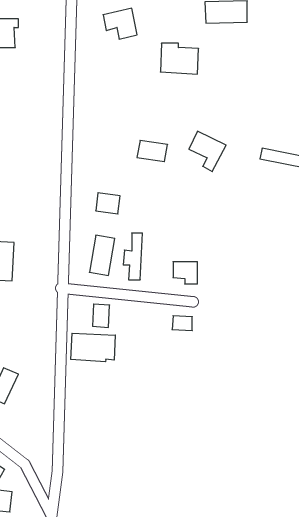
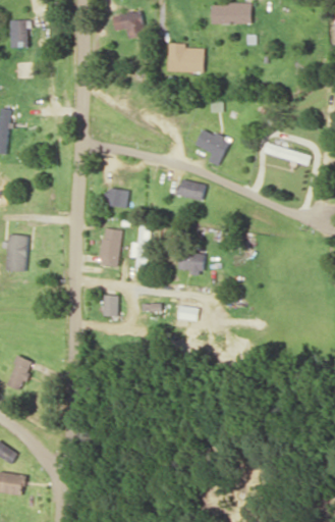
building: [137,140,168,162] -> [176,180,206,201]
building: [71,333,115,362] -> none

